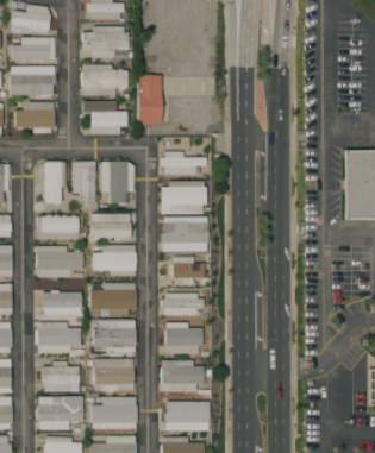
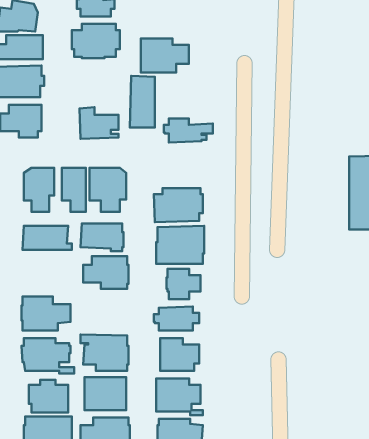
building: [81,64,126,96] -> [141,39,189,73]
building: [160,152,206,175] -> [164,118,213,142]
building: [35,246,83,277] -> none
building: [90,283,136,315] -> none

